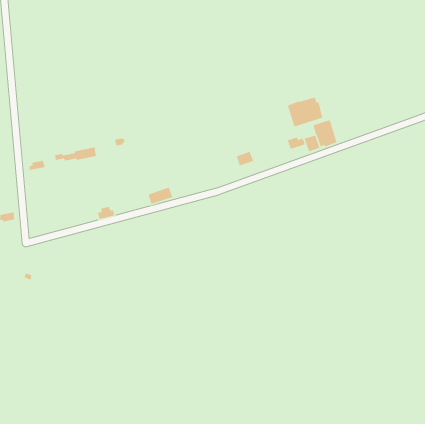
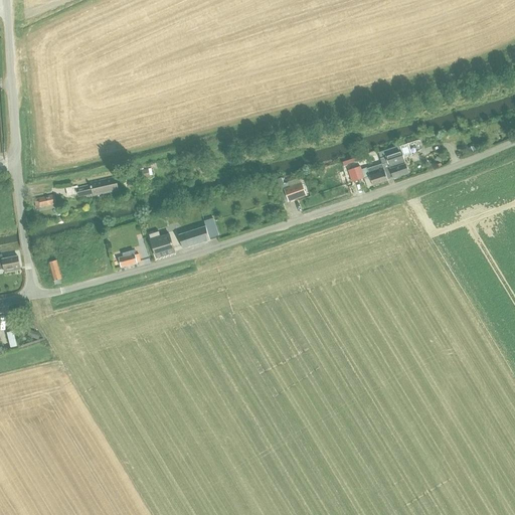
building: [287,96,323,128] -> none
building: none -> [148,231,173,256]

